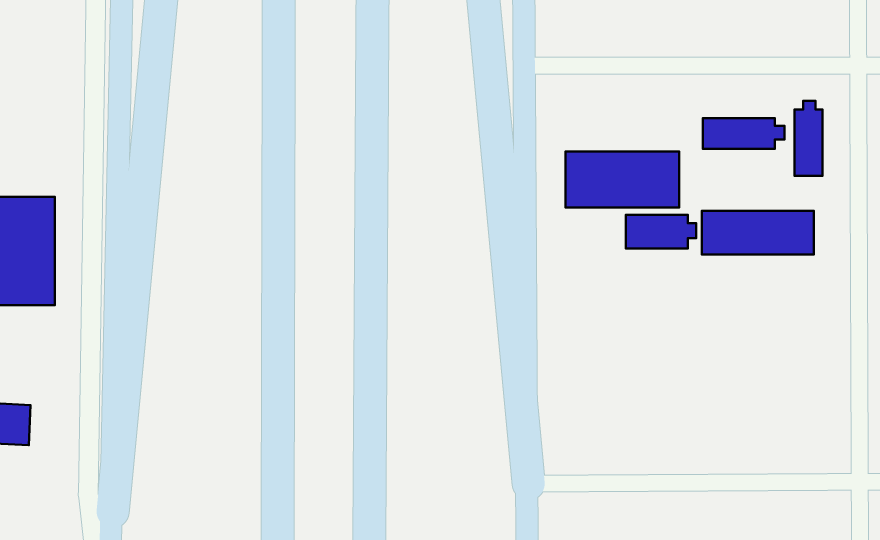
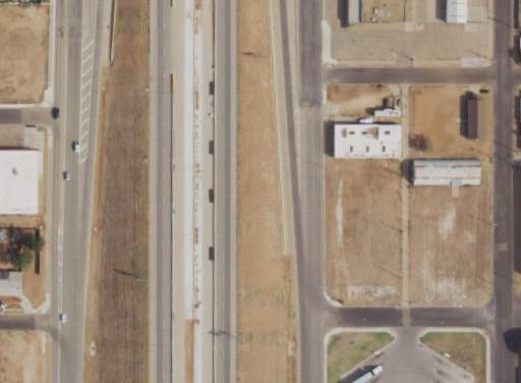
building: [703,118,784,149] -> none
building: [626,215,696,249] -> none

